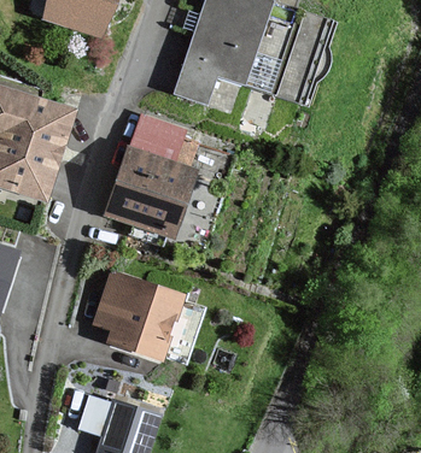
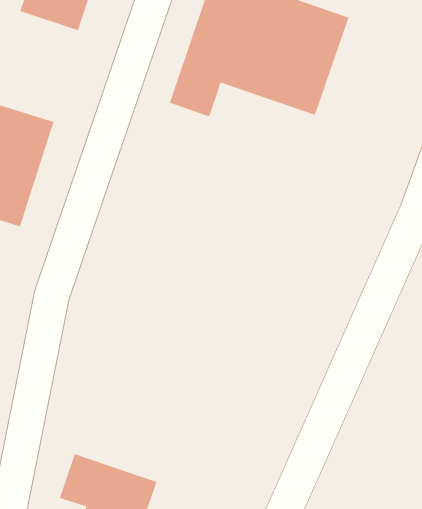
building: [106,112,194,231] -> none
building: [93,271,182,359] -> none

